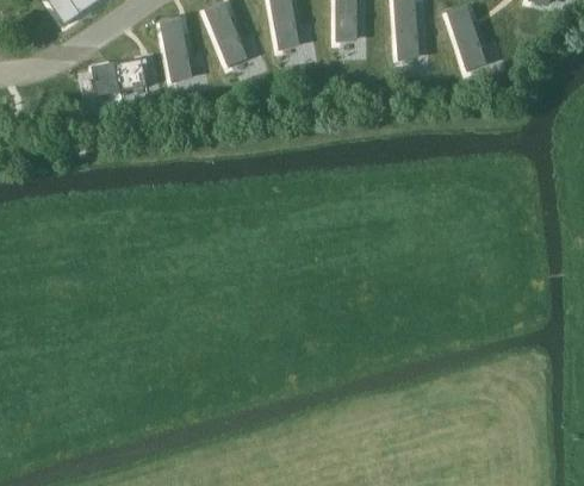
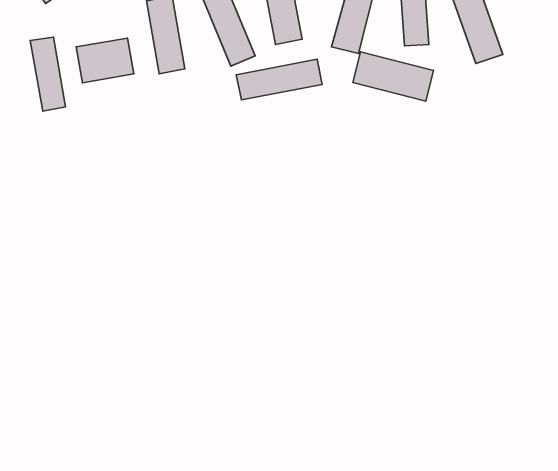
building: none -> [30,37,65,111]
building: none -> [353,52,434,101]
building: none -> [236,59,322,100]

